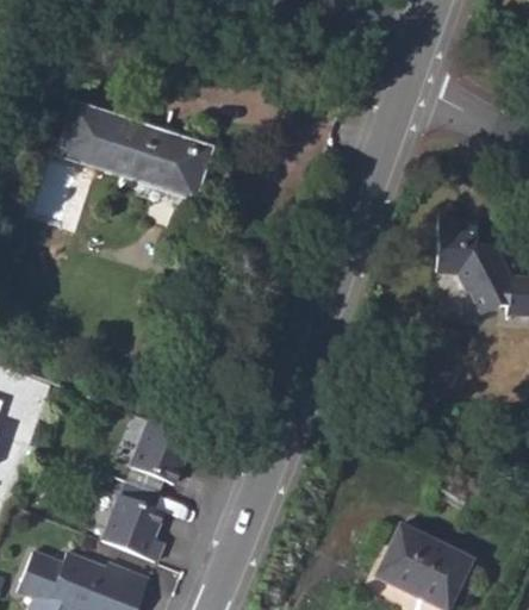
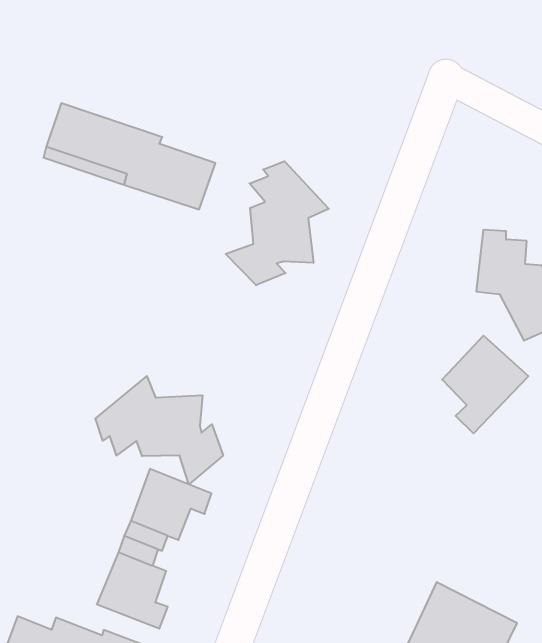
building: none -> [226,161,329,285]
building: none -> [442,336,528,433]
building: none -> [95,376,223,484]

